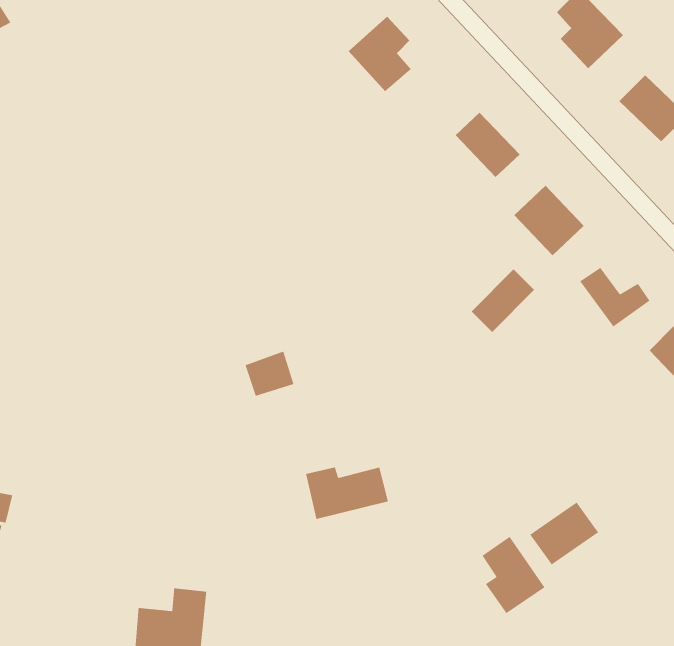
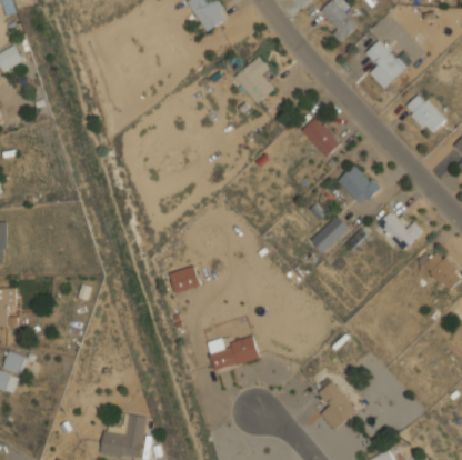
building: [529,502,599,566] -> none

